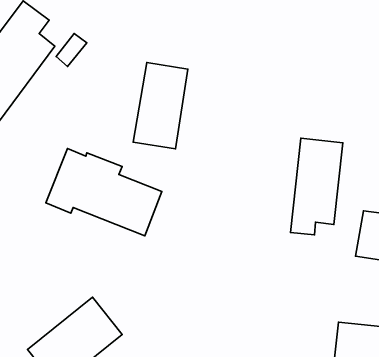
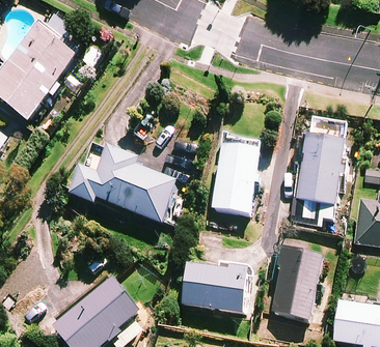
building: [133,63,188,149] -> [211,134,261,212]
building: none -> [269,248,322,318]
building: none -> [181,261,247,312]

